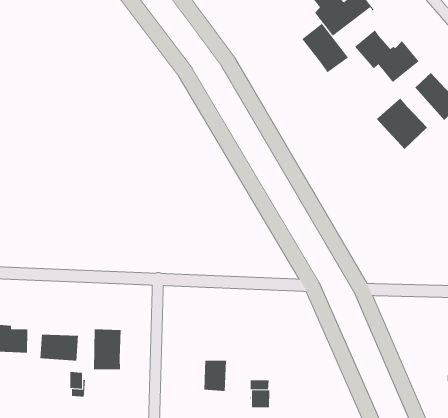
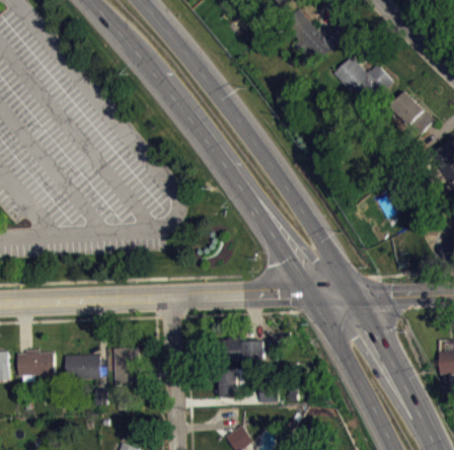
building: [301,23,349,73] -> none
building: [376,97,428,150] -> none
building: none -> [214,336,263,360]

